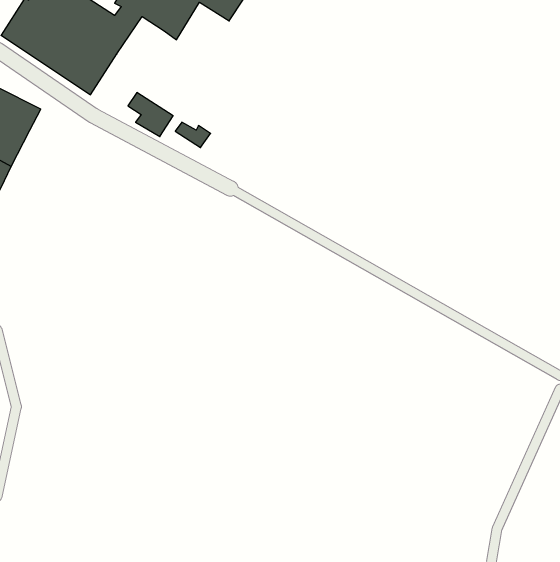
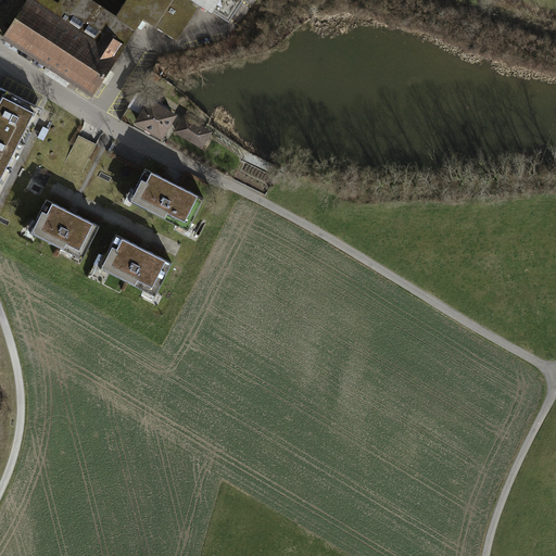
building: none -> [128,167,201,226]
building: none -> [29,199,96,257]
building: none -> [99,233,168,292]

